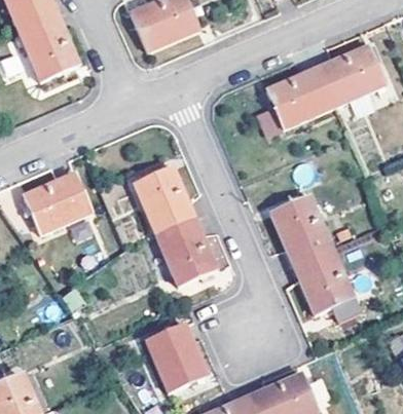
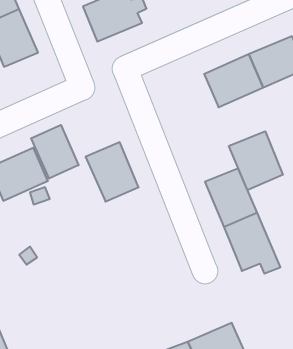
building: none -> [31,125,79,179]
building: none -> [229,131,283,190]
building: [156,217,217,284] -> none
building: [146,322,207,389] -> none

